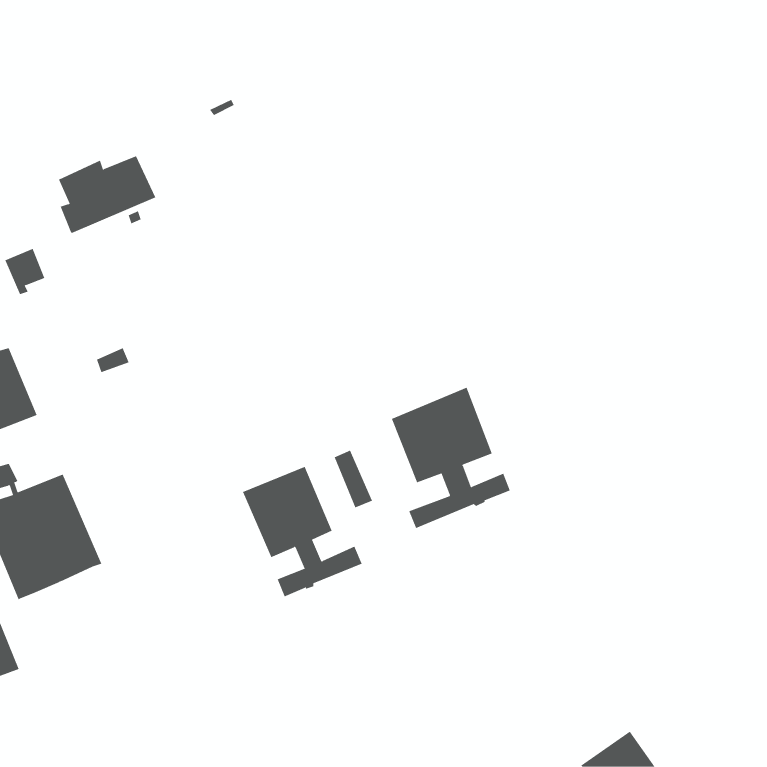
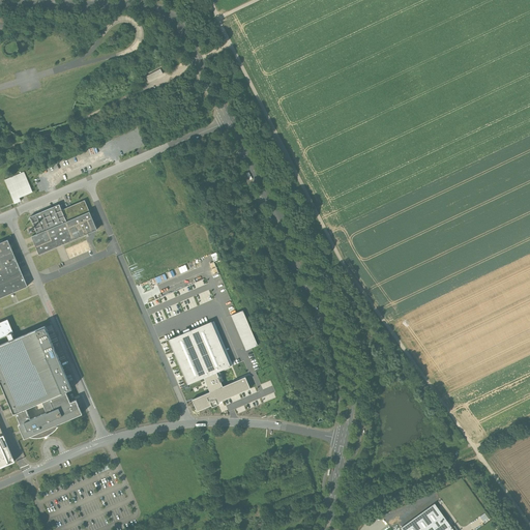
building: [58,155,156,234] -> [29,200,96,254]
building: [391,387,511,529] -> none
building: none -> [14,390,81,438]

